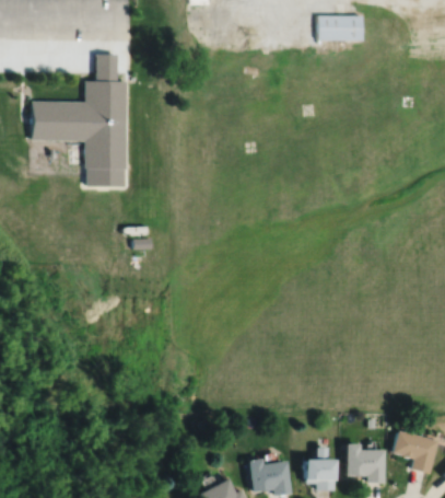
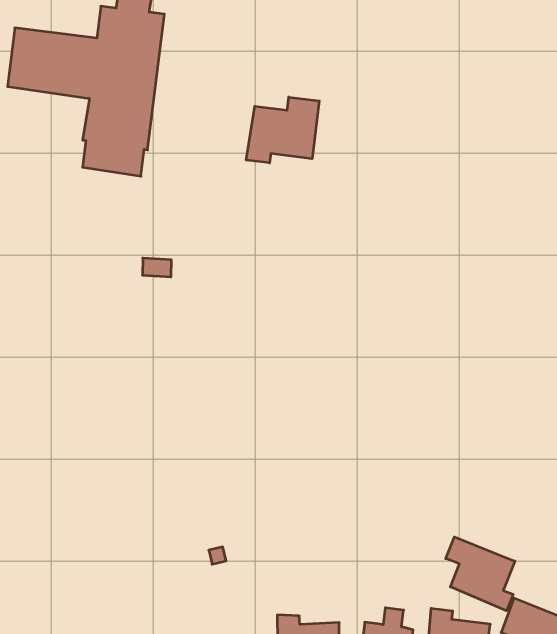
building: none -> [246,97,319,163]
building: none -> [446,537,515,611]

